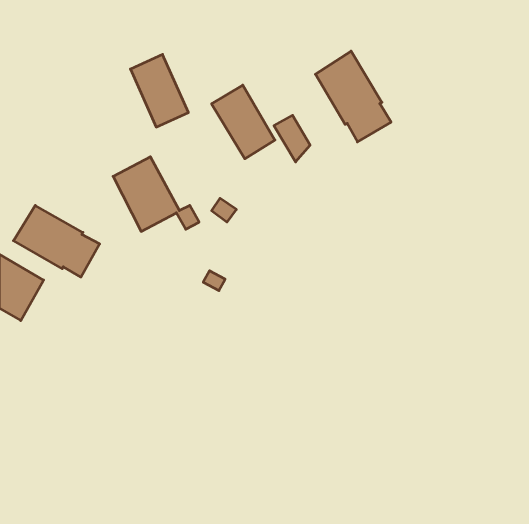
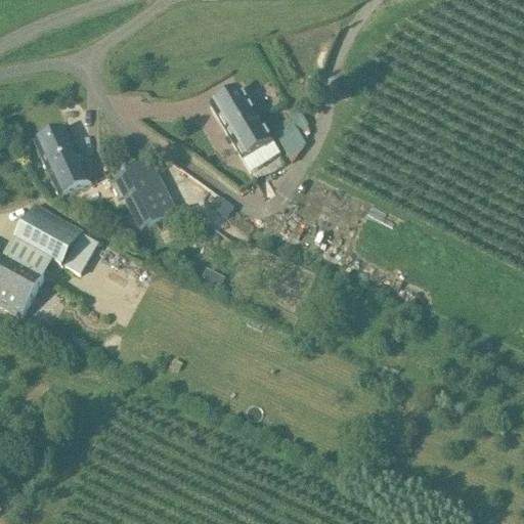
building: [315,51,391,142] -> none
building: [130,54,188,127] -> [33,124,90,195]

